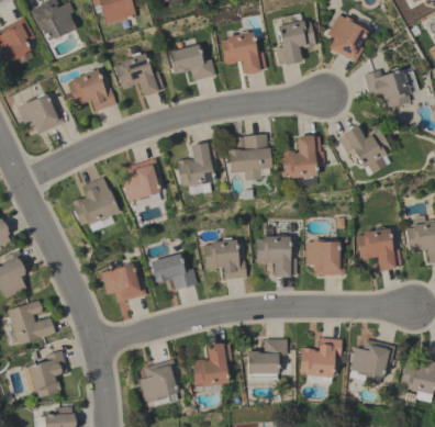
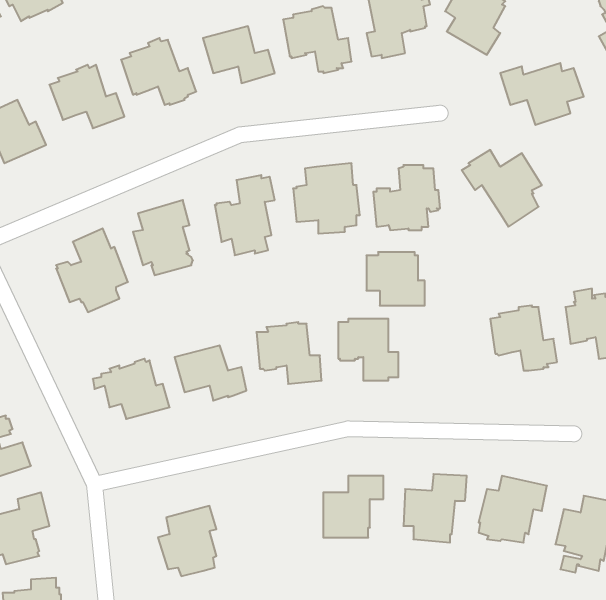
building: [305,239,344,274] -> [366,252,425,306]
building: [191,342,231,391] -> none

